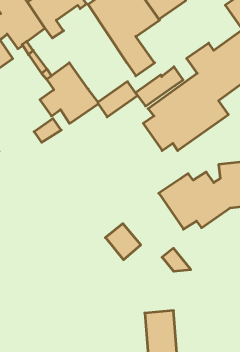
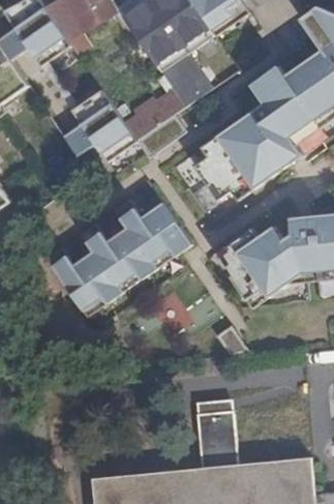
building: [136,67,183,106] -> [124,89,184,139]
building: none -> [44,179,191,310]

